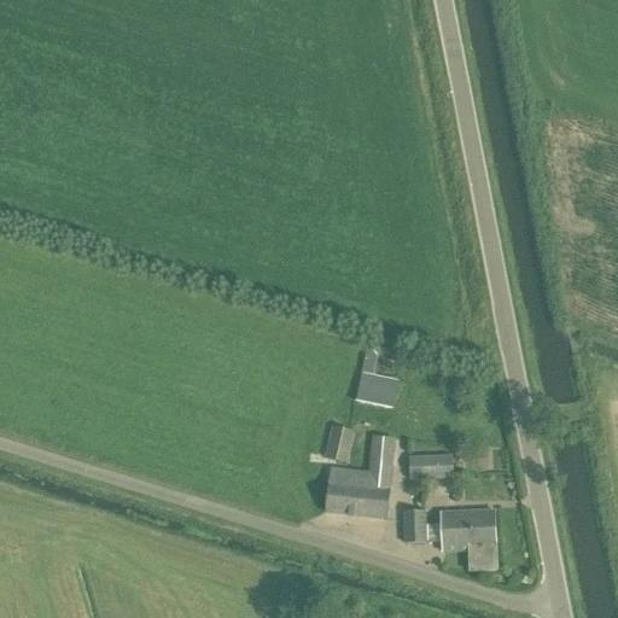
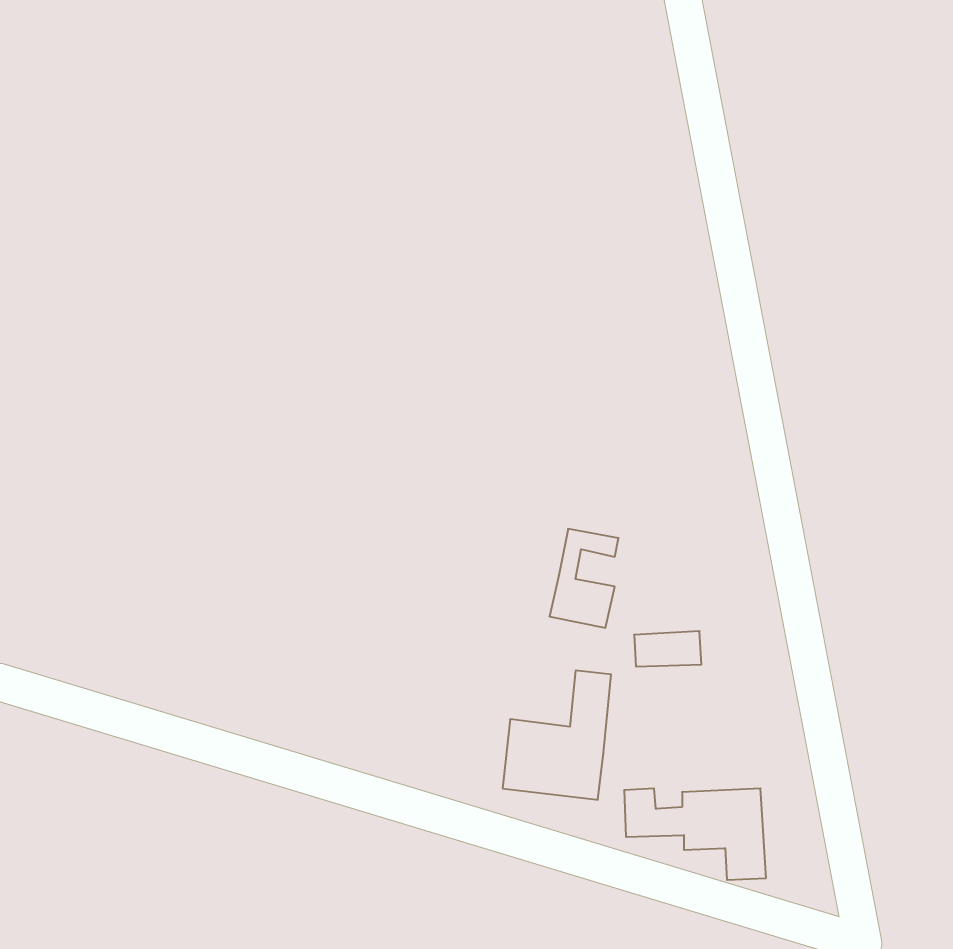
building: [323,424,352,461] -> none
building: [408,454,451,477] -> [634,631,701,667]

